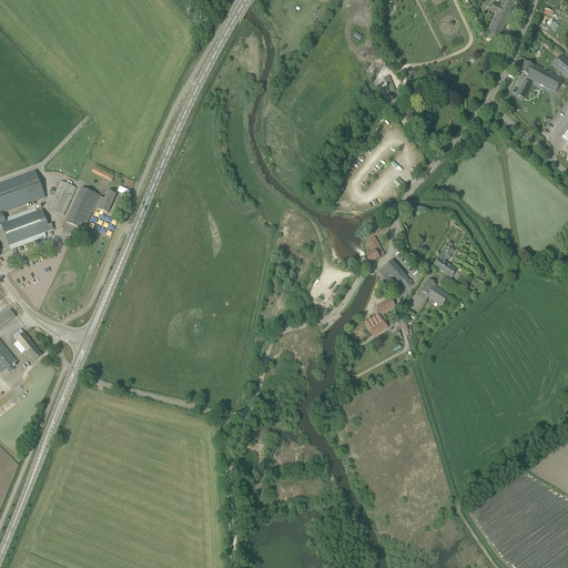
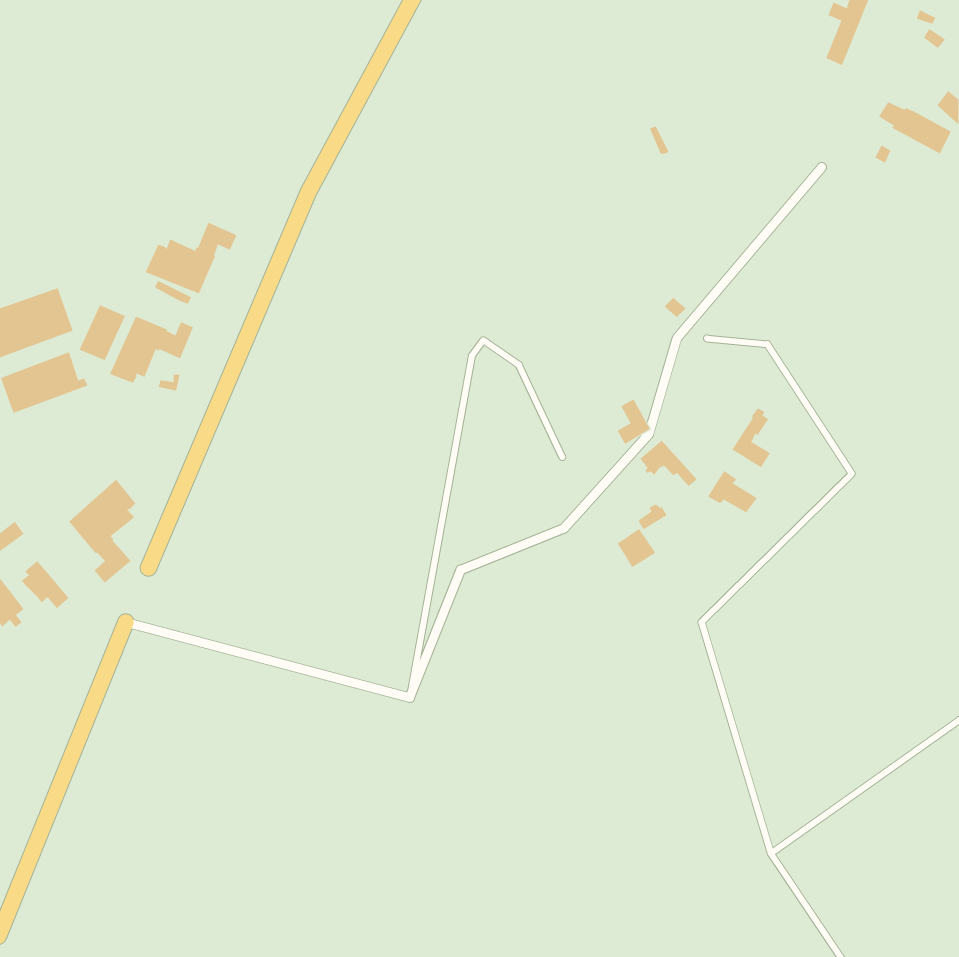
building: none -> [145,222,237,294]
building: none -> [68,479,136,583]

